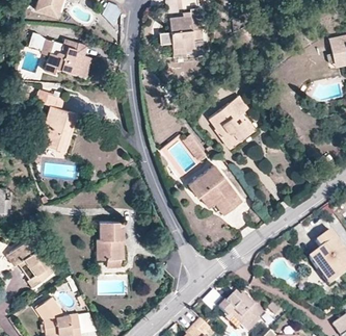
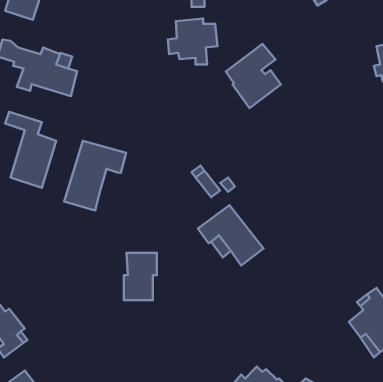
building: [209,94,252,145] -> [226,44,281,108]
building: none -> [64,141,126,211]
building: [97,219,123,257] -> [124,253,157,300]

